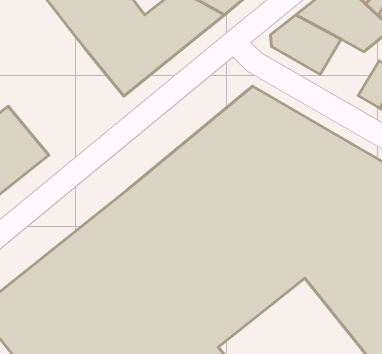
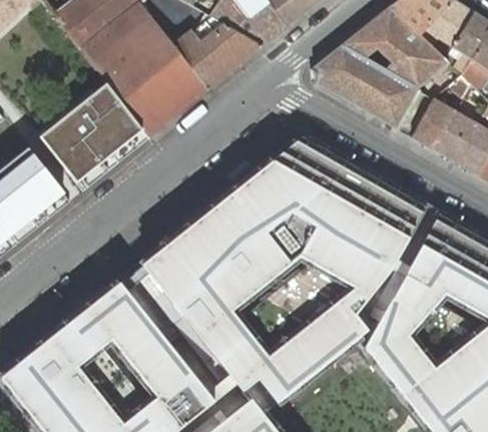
building: none -> [370,74,418,127]
building: none -> [42,83,152,190]

